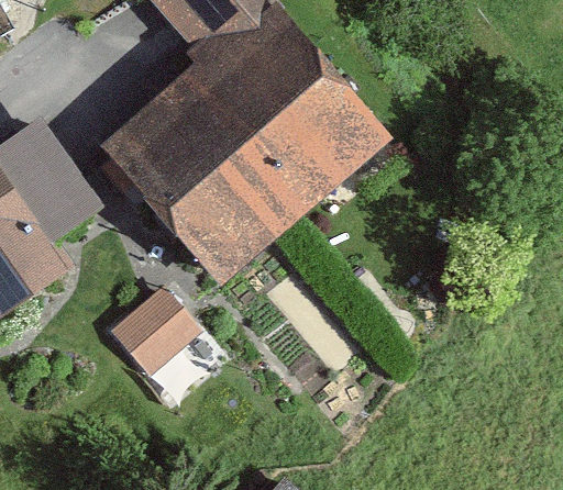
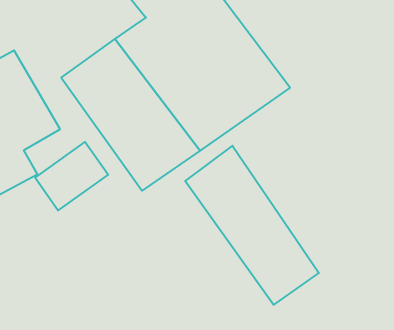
building: none -> [185,146,319,305]
building: [100,285,195,376] -> [35,142,108,210]

